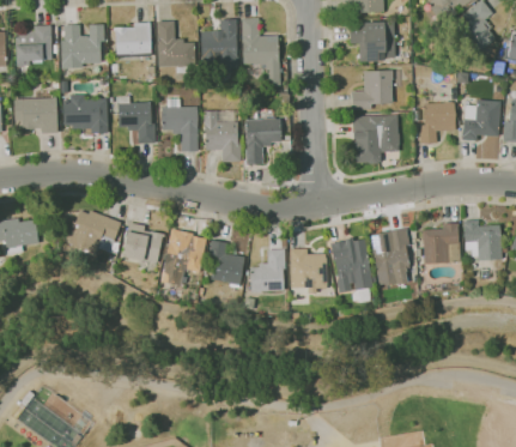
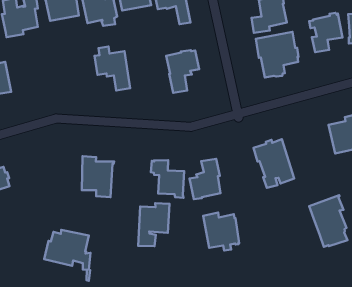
building: [63,95,108,133] -> none
building: [119,96,156,144] -> none
building: [204,110,243,162] -> none
building: [65,210,121,274] -> [44,230,90,281]
building: [370,228,409,285] -> [309,195,347,247]
building: [162,235,206,285] -> [138,203,169,246]
building: [290,248,327,294] -> [203,213,239,251]

